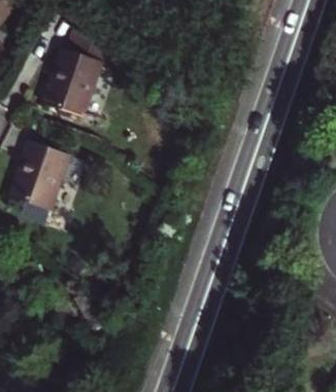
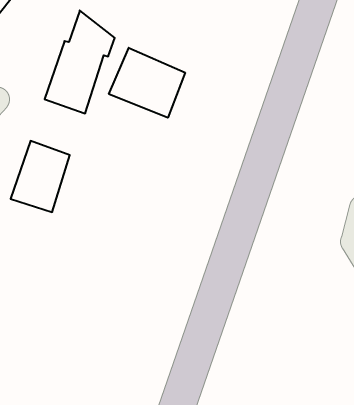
building: none -> [109,48,185,118]

